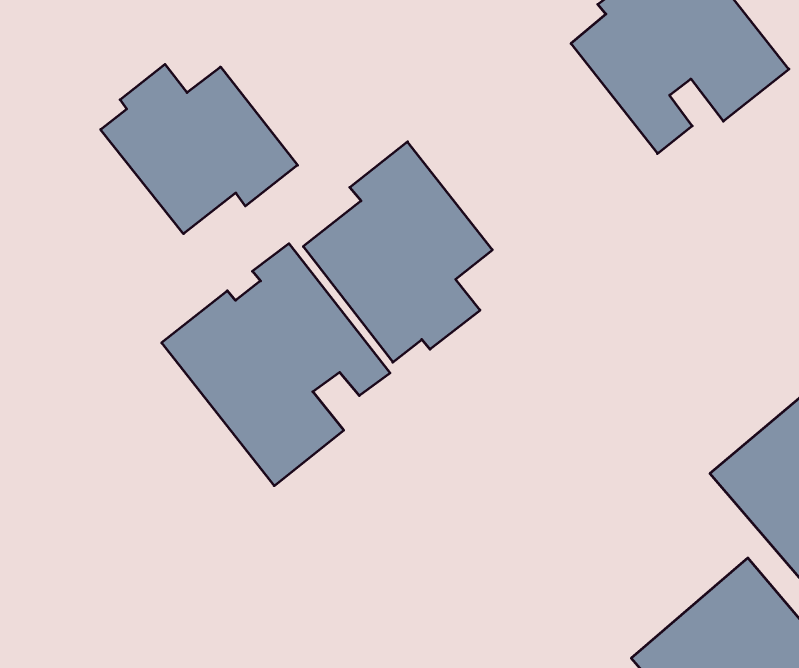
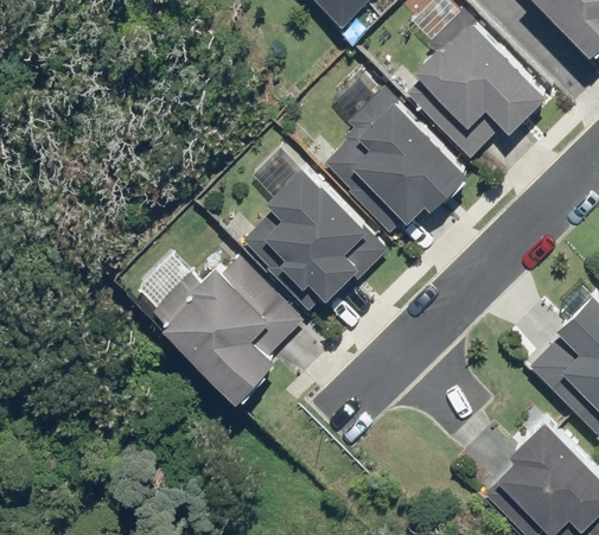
building: none -> [320,87,473,238]
building: [101,64,298,234] -> none

